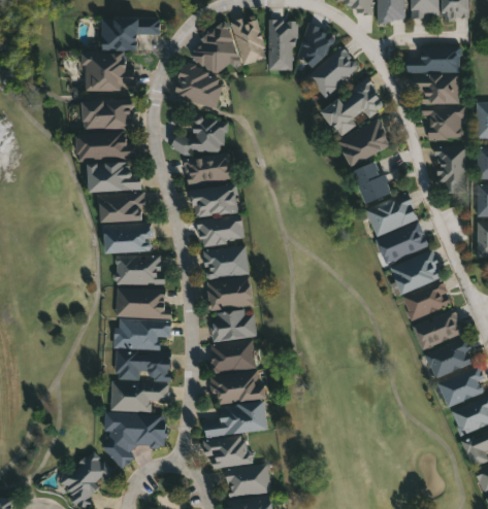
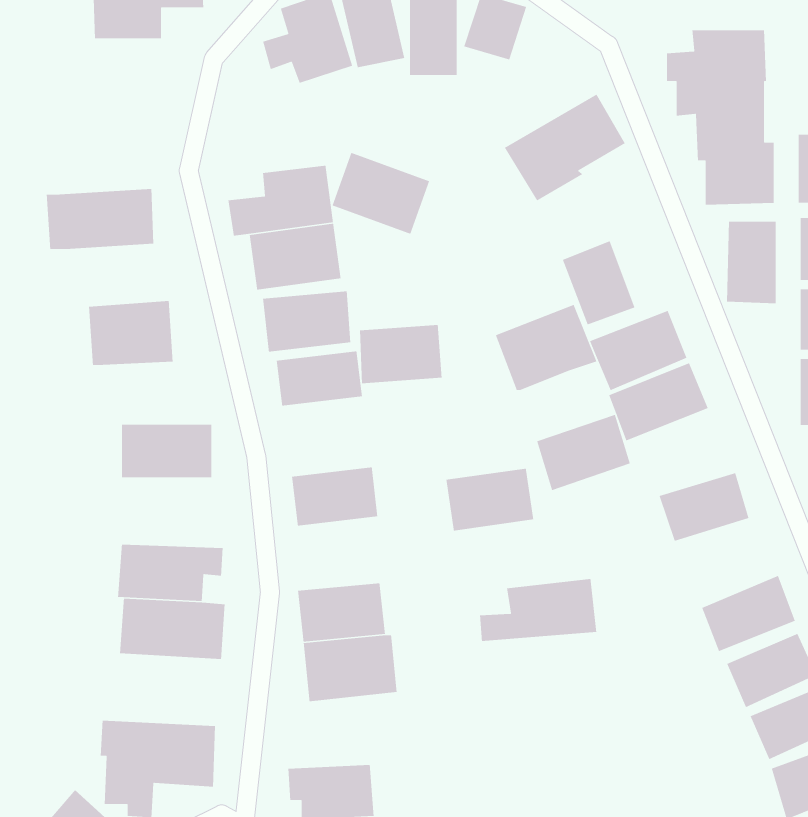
building: [307,46,360,99] -> none
building: [83,52,131,93] -> none
building: [173,67,226,111] -> [332,152,430,235]
building: [80,101,132,134] -> none
building: [337,123,392,169] -> [495,304,597,391]
building: [86,161,141,194] -> none
building: [102,223,153,254] -> none
building: [204,247,249,279] -> [359,324,442,384]
building: [391,252,442,294] -> [536,414,631,491]
building: [116,290,168,319] -> none
building: [209,309,257,343] -> [445,468,534,531]
building: [414,311,463,348] -> none
building: [110,383,169,412] -> none
building: [203,403,266,437] -> [479,578,597,642]

